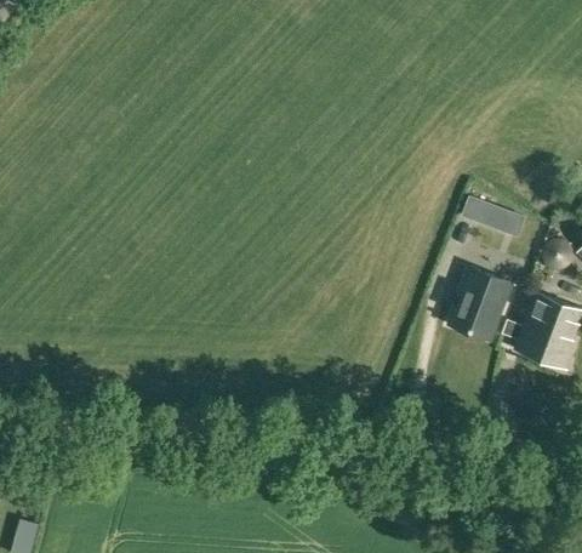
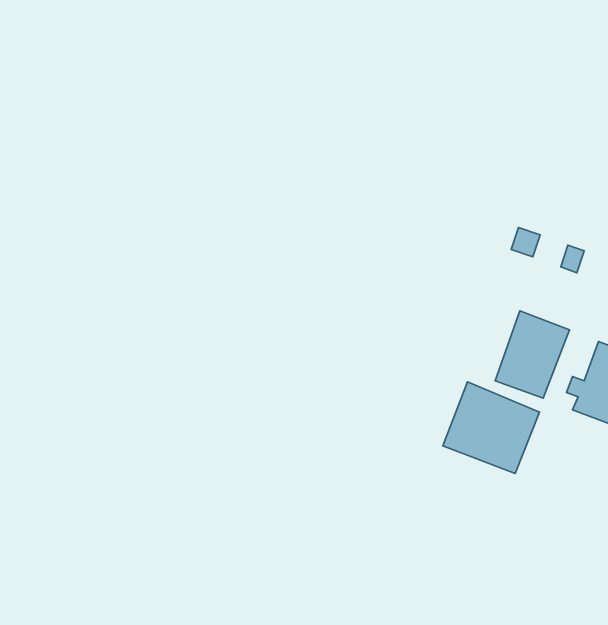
building: none -> [443,382,540,473]

